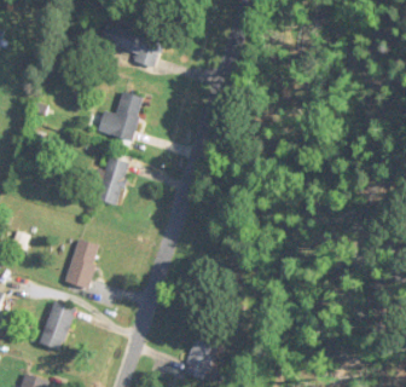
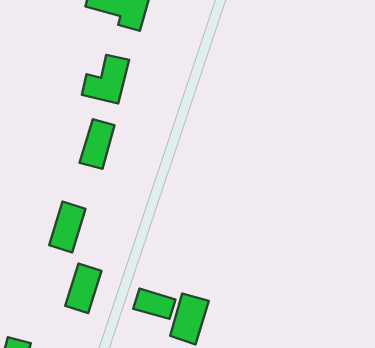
building: [39,301,75,351] -> [65,264,101,313]
building: none -> [133,288,176,319]

